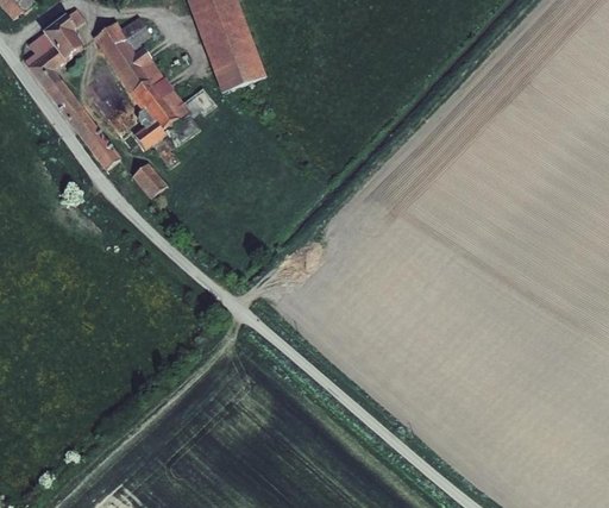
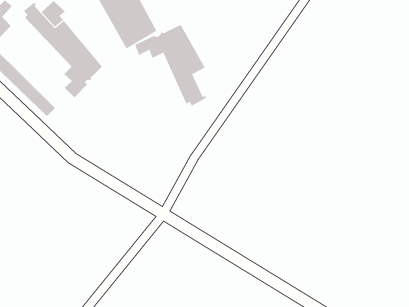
building: none -> [134,24,206,107]
building: [128,163,167,201] -> none

